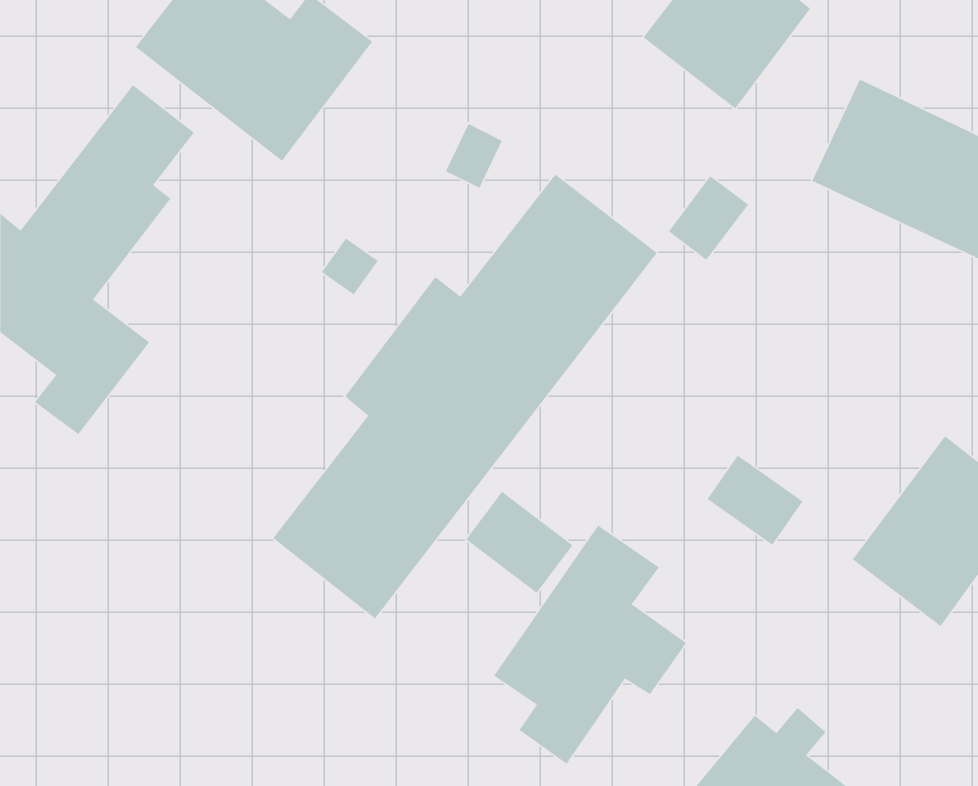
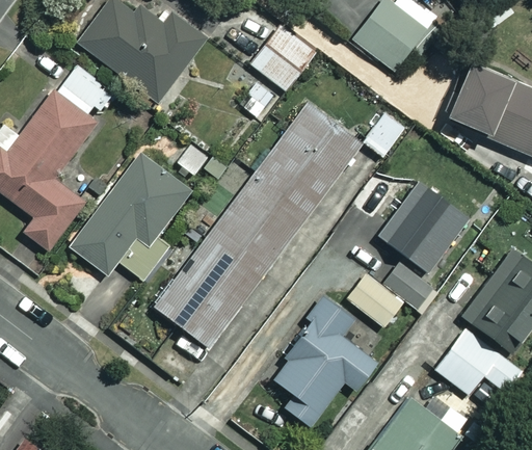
building: none -> [251,26,317,91]
building: none -> [72,155,189,281]
building: none -> [377,183,467,273]
building: [465,491,574,594] -> [346,272,404,327]
building: none -> [435,329,522,394]

